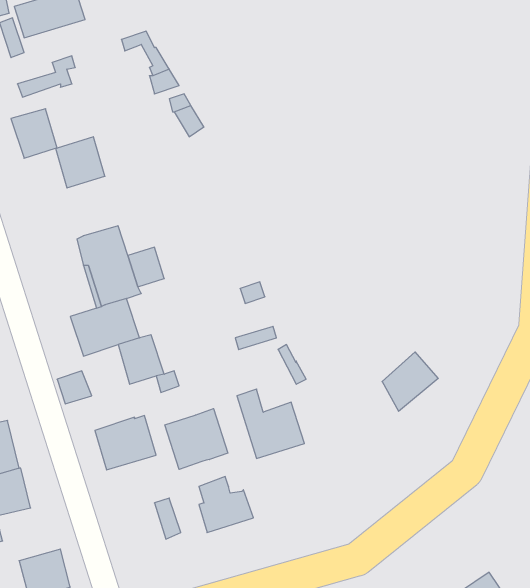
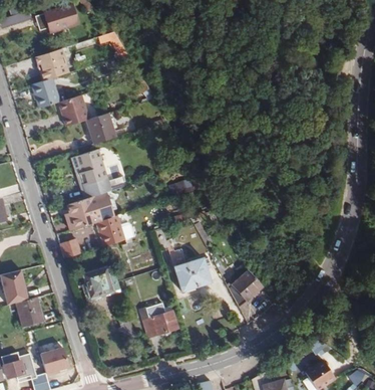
building: none -> [85,113,115,143]
building: [382,352,438,411] -> [228,269,262,306]
building: [165,409,228,469] -> none

